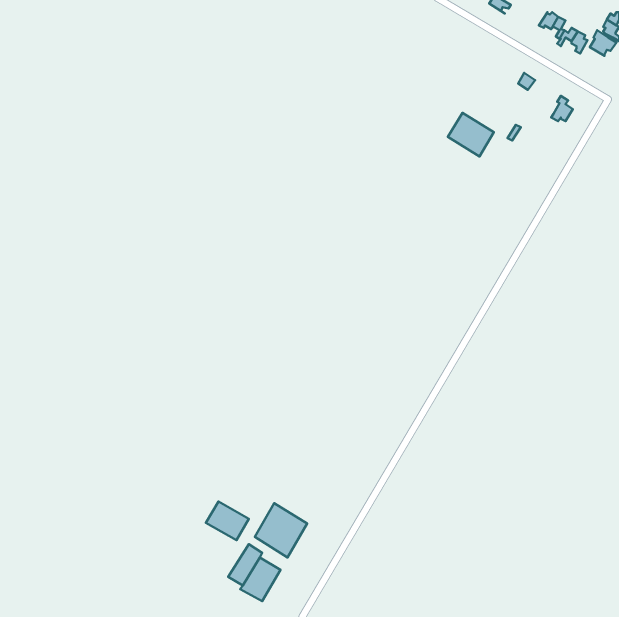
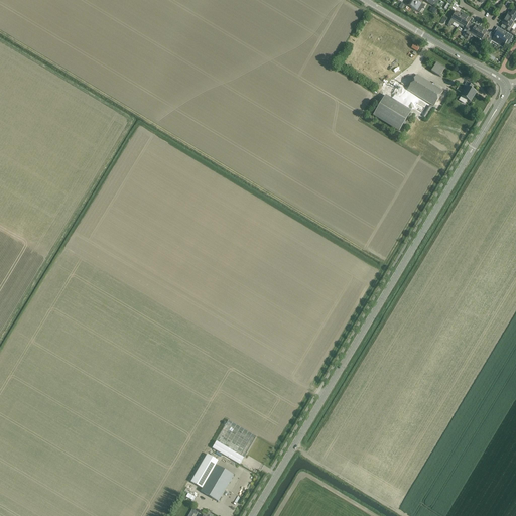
building: none -> [406,74,441,104]
building: [206,501,249,540] -> none

